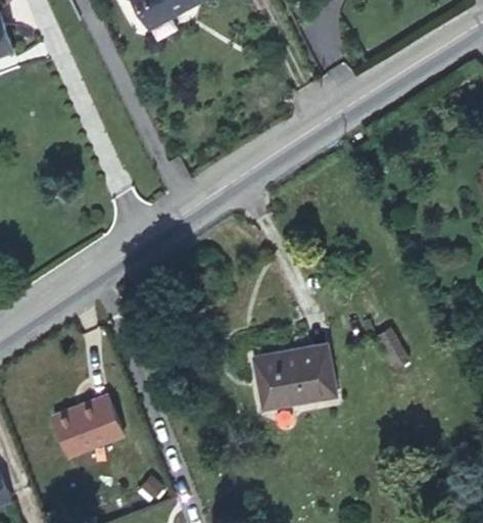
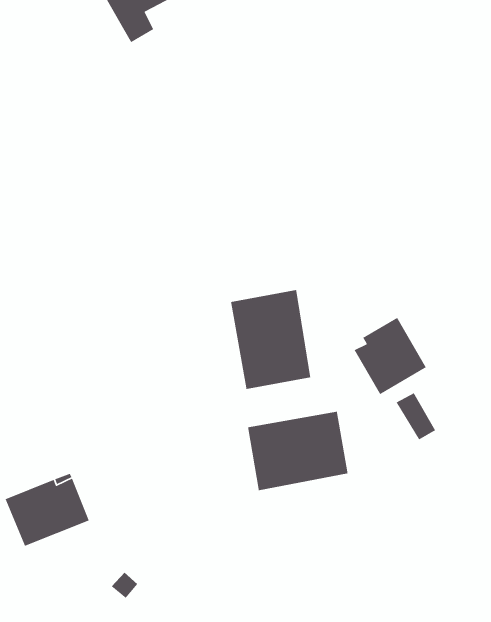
building: none -> [230,289,311,390]
building: none -> [354,317,427,395]

